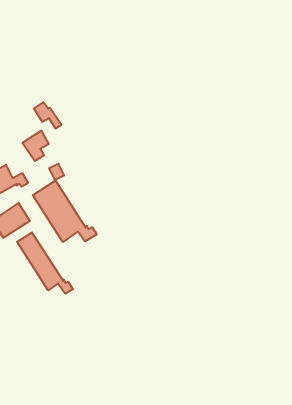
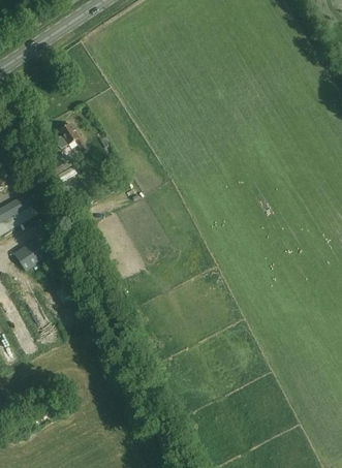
building: [33,181,97,242] -> none
building: [17,232,73,294] -> none

